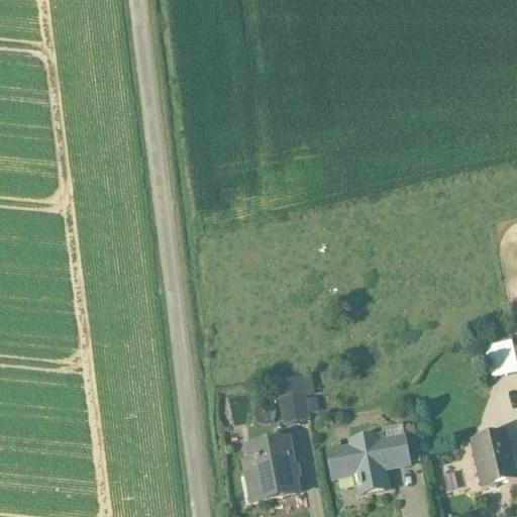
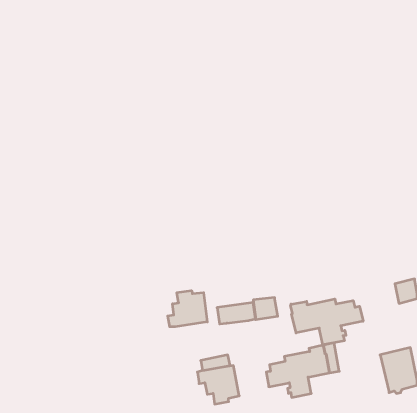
building: none -> [168,291,207,327]
building: none -> [291,299,363,345]
building: [280,396,310,423] -> [253,298,278,320]

